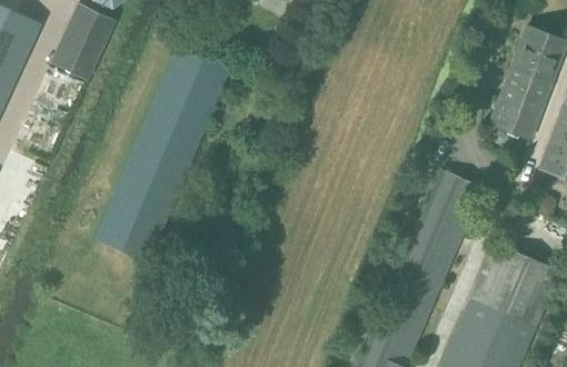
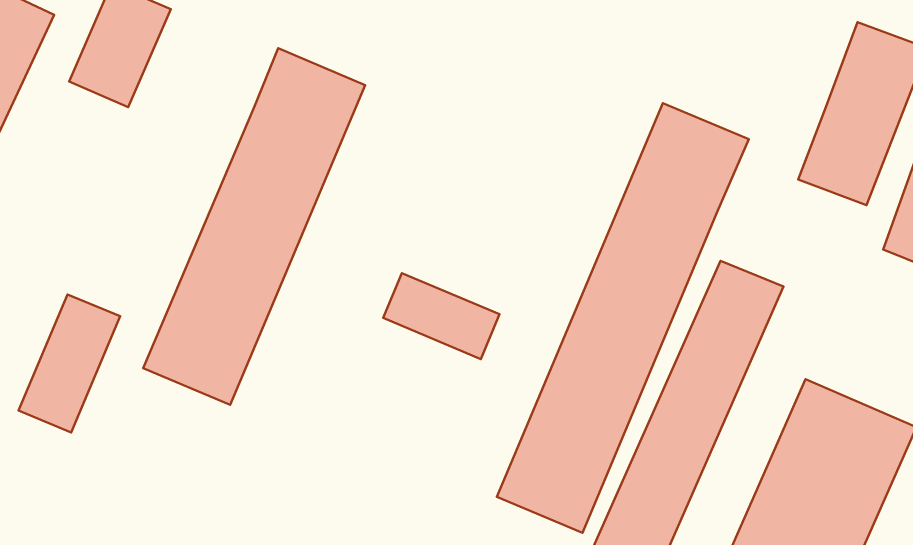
building: none -> [497,103,749,533]
building: none -> [383,273,499,359]
building: none -> [18,294,120,432]

